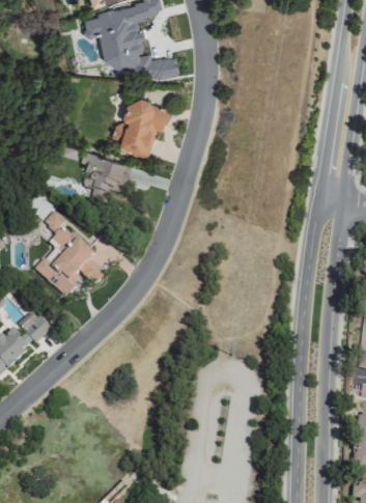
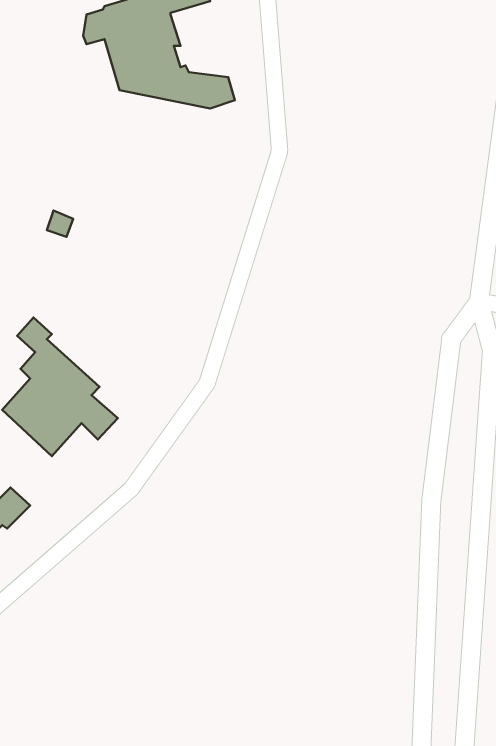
building: [119,101,169,157] -> none
building: [80,150,134,203] -> none

